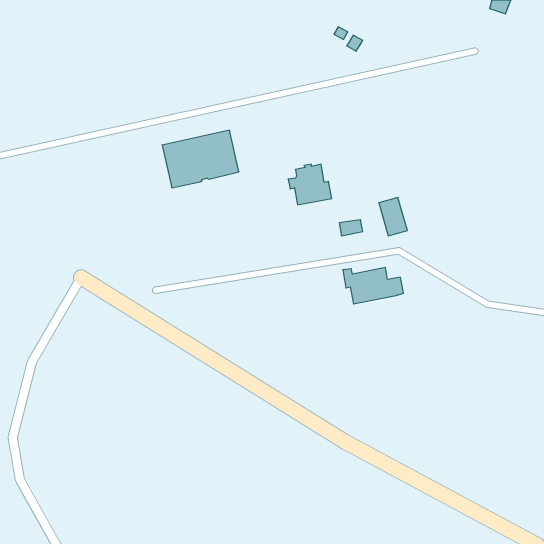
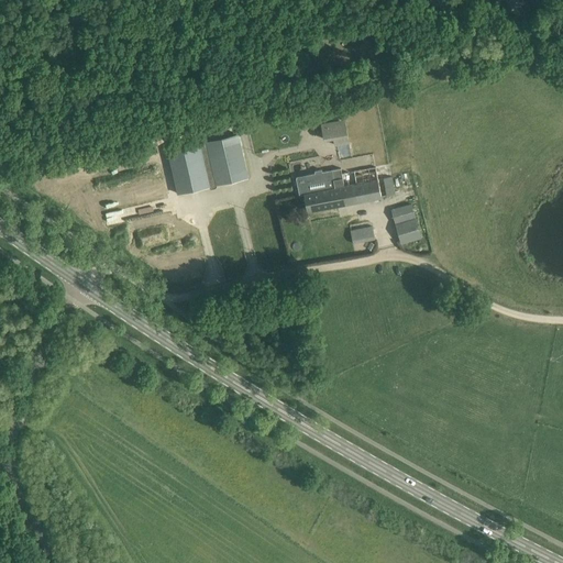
building: none -> [320,121,347,146]
building: [343,268,404,304] -> [331,168,394,206]

